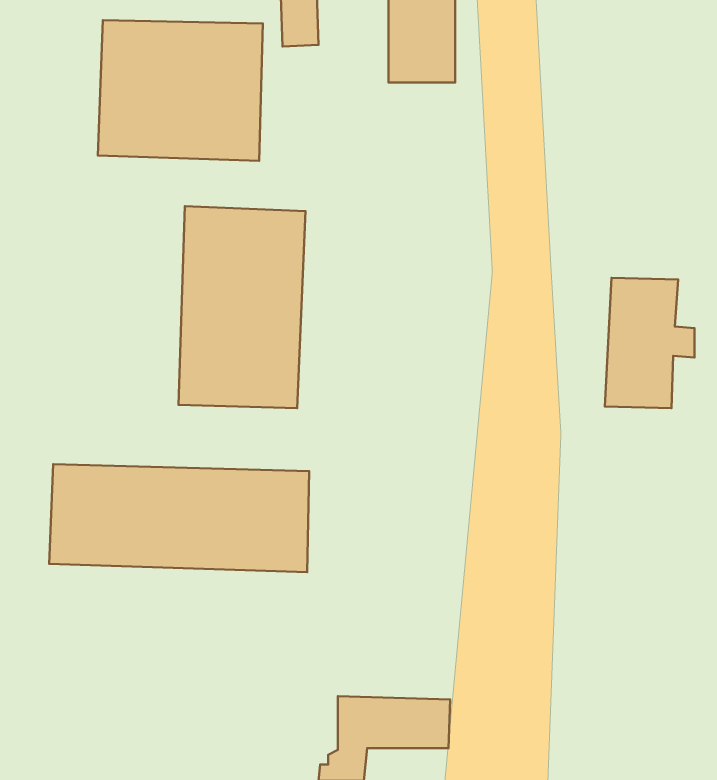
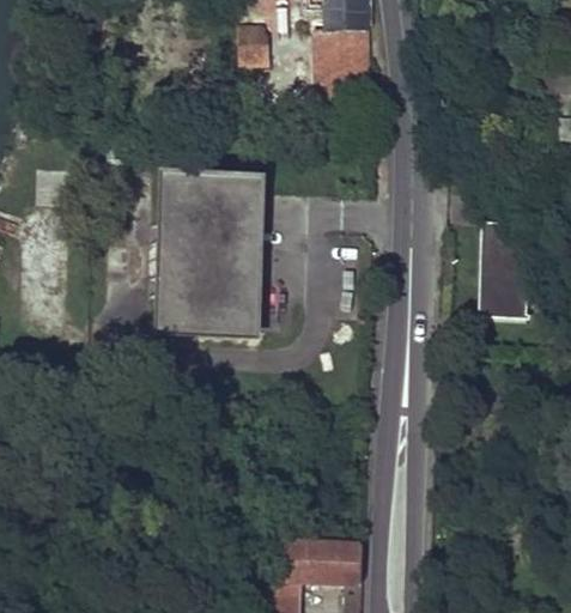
building: [98,20,263,161] -> none
building: [49,464,309,572] -> none

